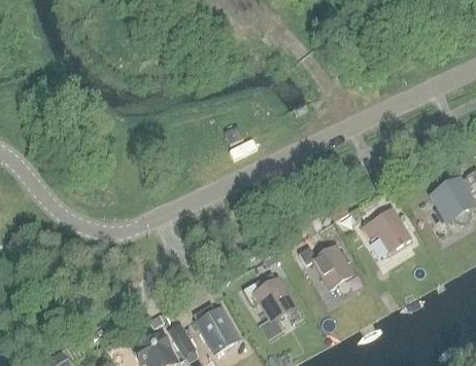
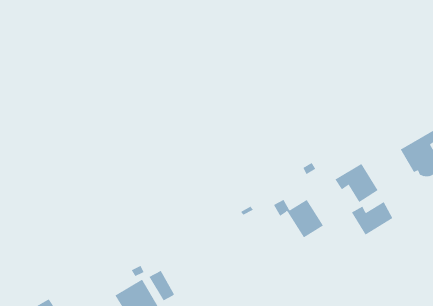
building: none -> [351,201,393,235]
building: [244,280,296,322] -> none
building: [195,309,238,353] -> none

